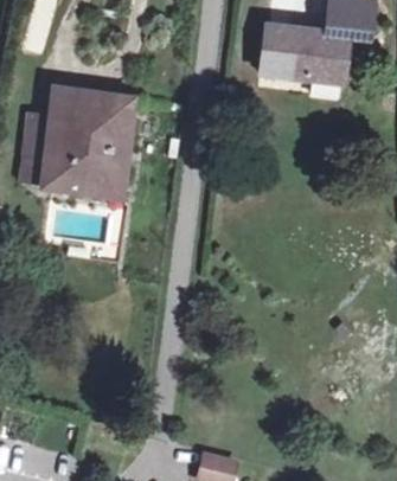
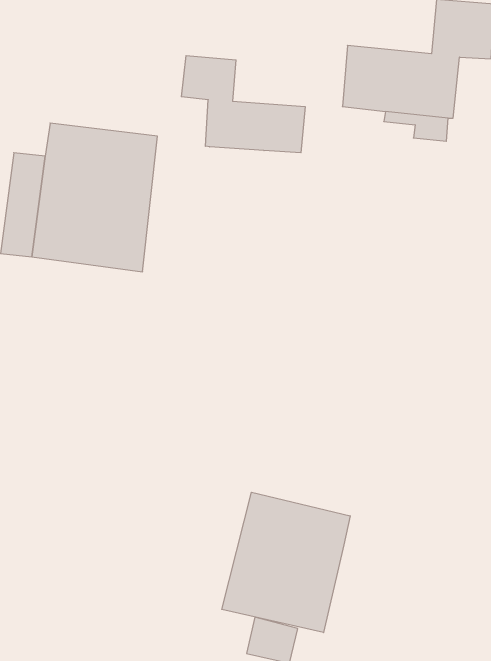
building: none -> [181,56,305,153]
building: none -> [222,492,350,633]

